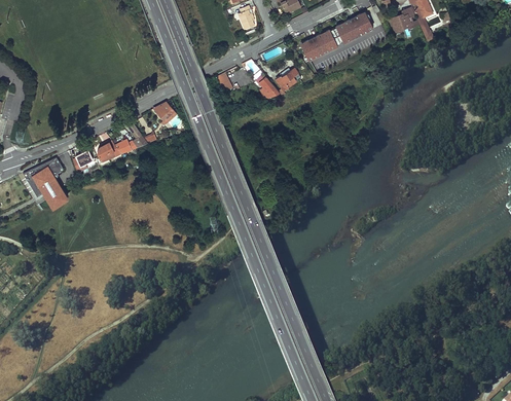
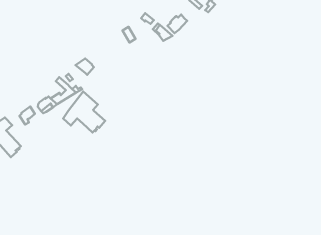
building: none -> [63,91,105,133]

